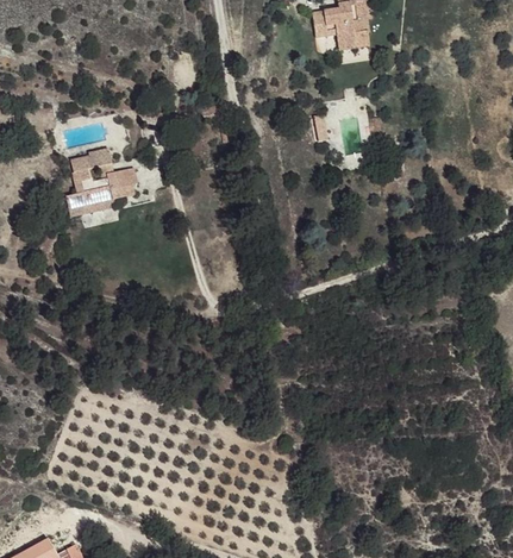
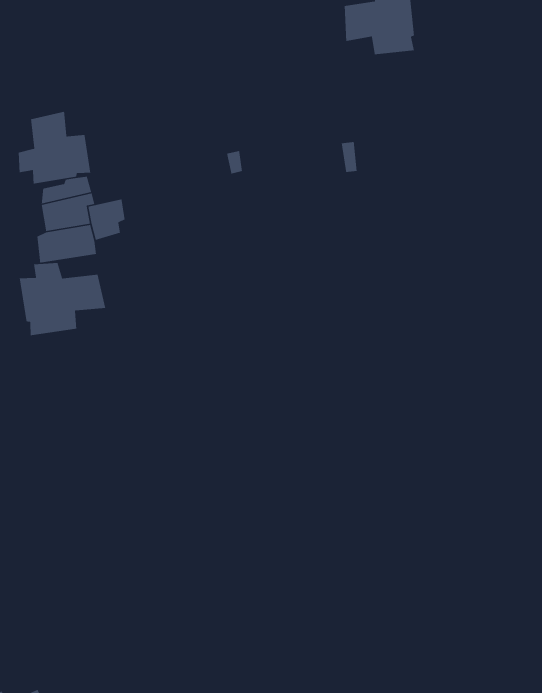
building: none -> [18,111,91,184]
building: none -> [19,262,106,336]

